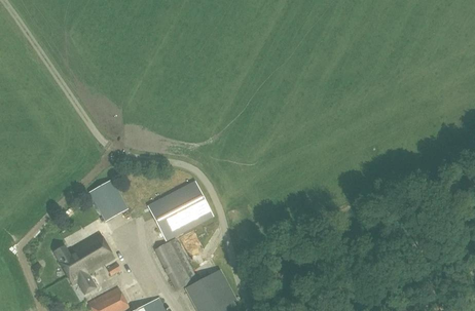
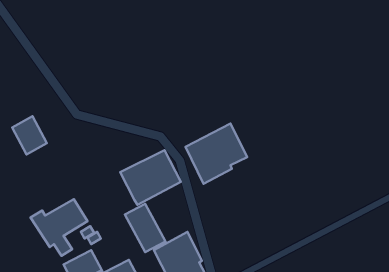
building: none -> [186,124,247,184]
building: [89,179,126,220] -> [12,116,47,155]

